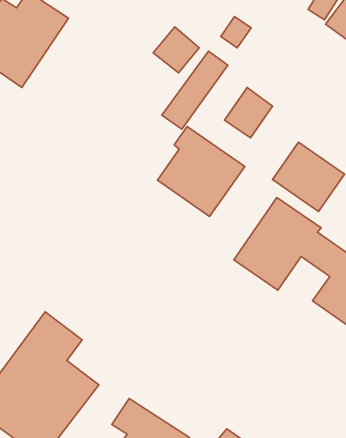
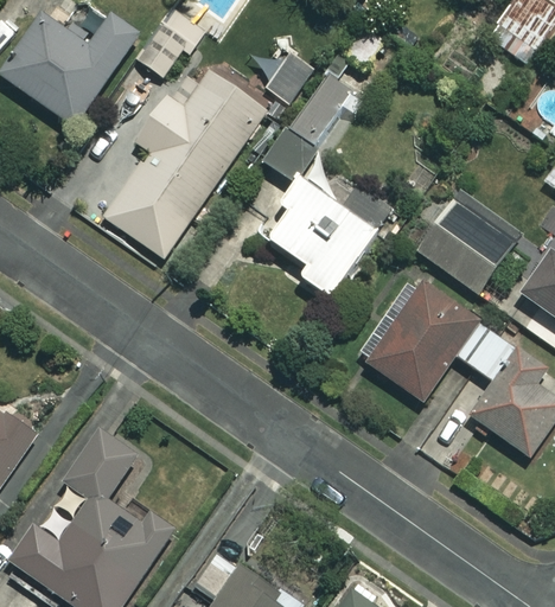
building: none -> [138,9,205,78]
building: none -> [106,70,268,257]
building: [224,87,273,138] -> none

